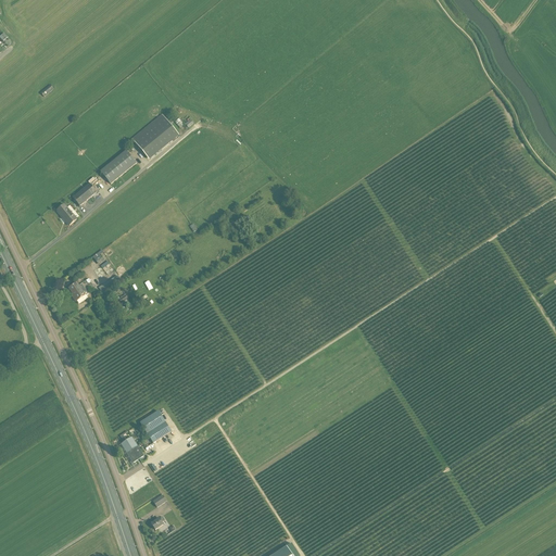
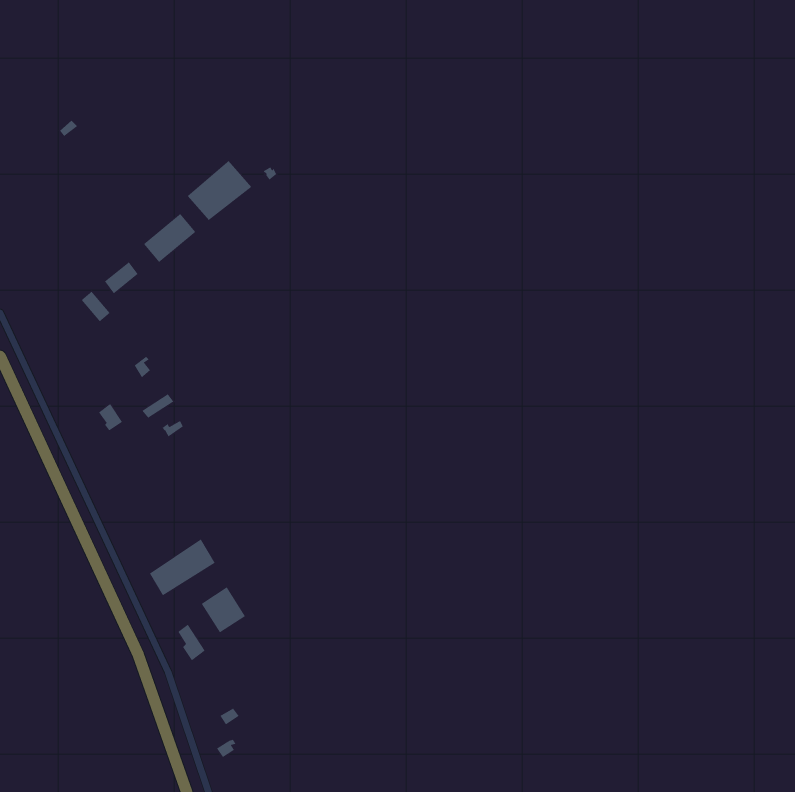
building: none -> [149,538,216,596]

